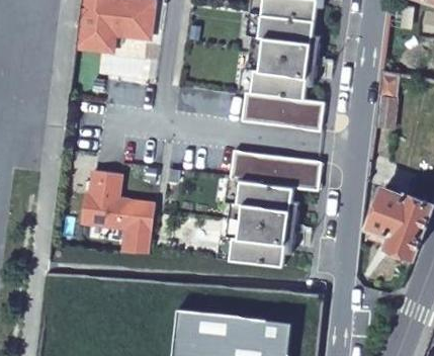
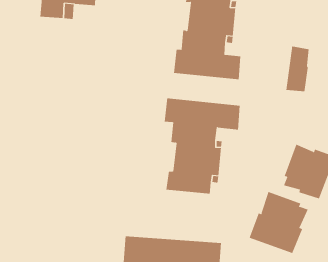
building: [75,171,149,254] -> none
building: none -> [249,191,309,254]

